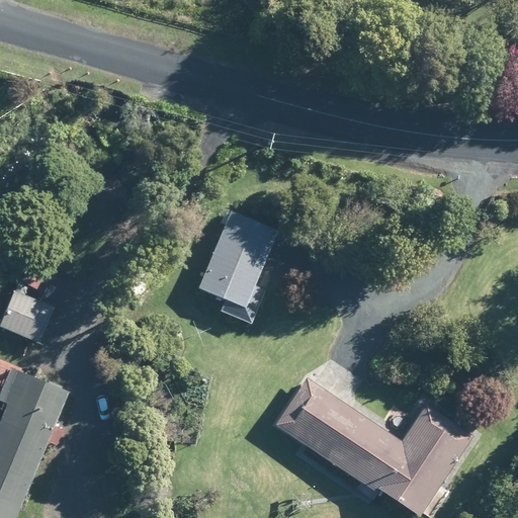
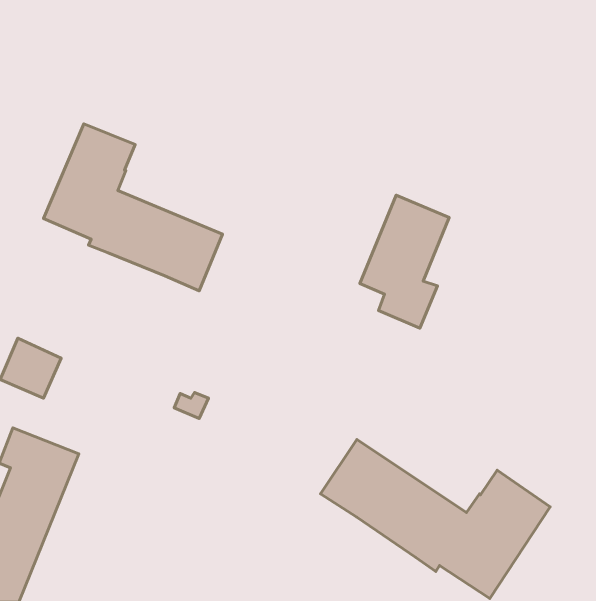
building: none -> [43,124,222,291]
building: [199,211,276,326] -> [360,195,449,328]

